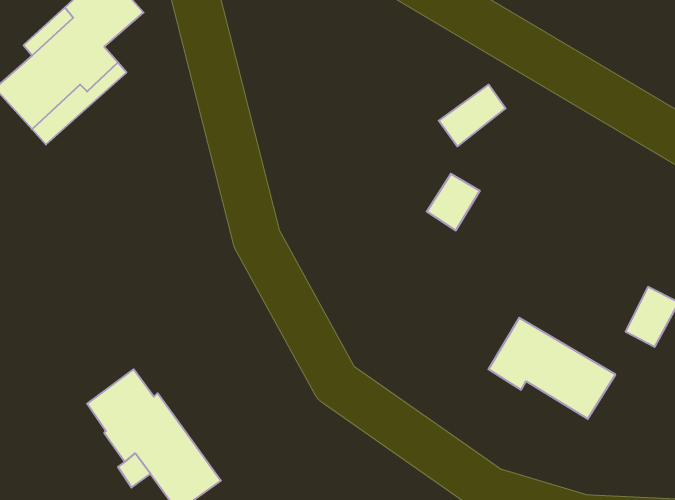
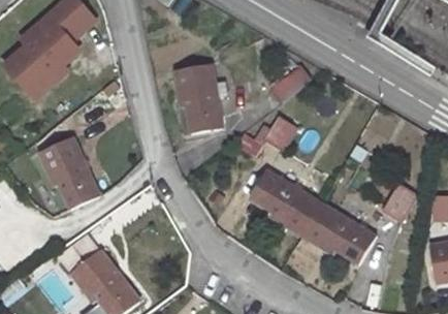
building: none -> [175,62,222,130]
building: none -> [41,135,100,209]
building: none -> [252,171,320,234]

